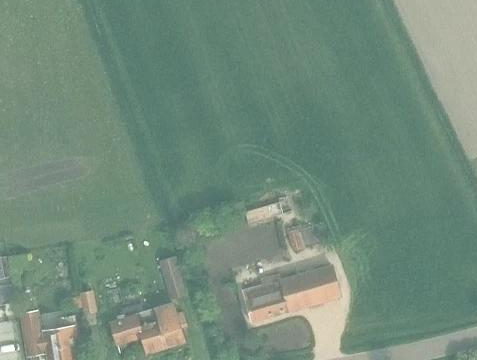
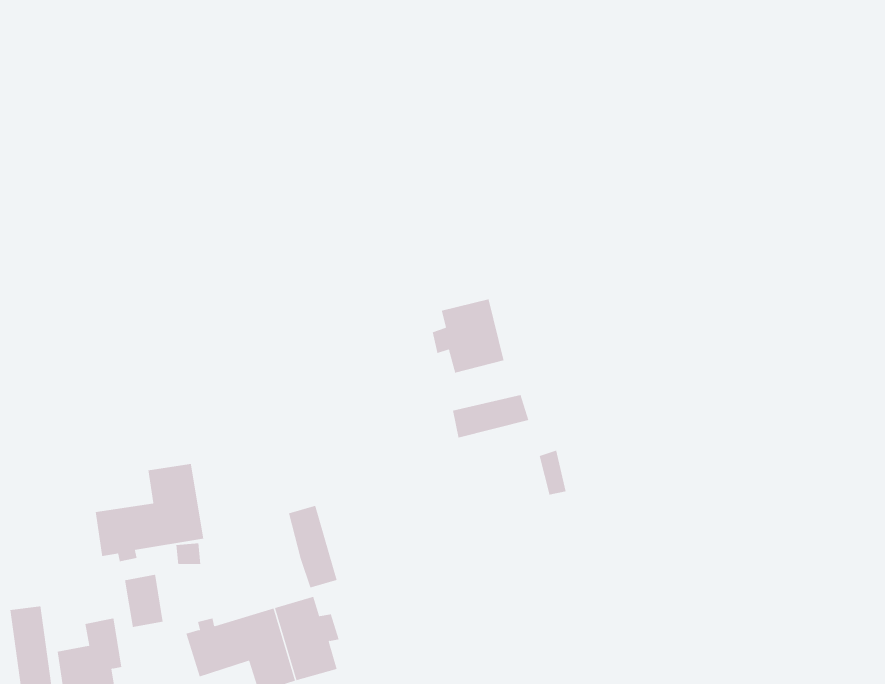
building: none -> [432,298,504,374]
building: none -> [95,463,204,562]
building: [242,266,339,322] -> none

